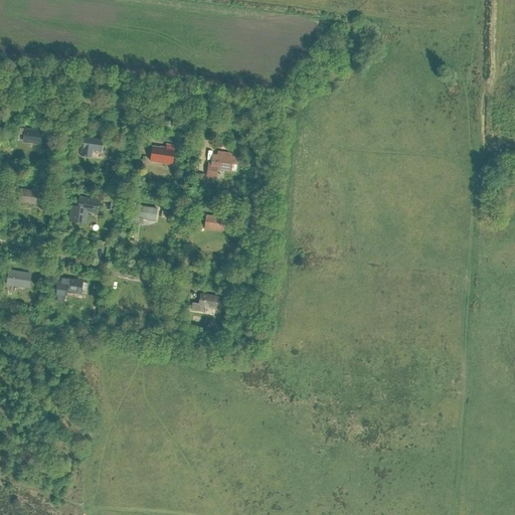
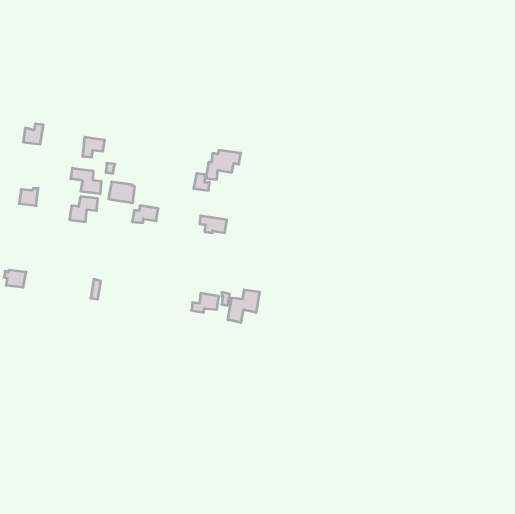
building: [149,145,175,166] -> [109,182,135,203]
building: none -> [71,168,101,194]
building: [54,277,83,302] -> none
building: none -> [228,290,260,323]

